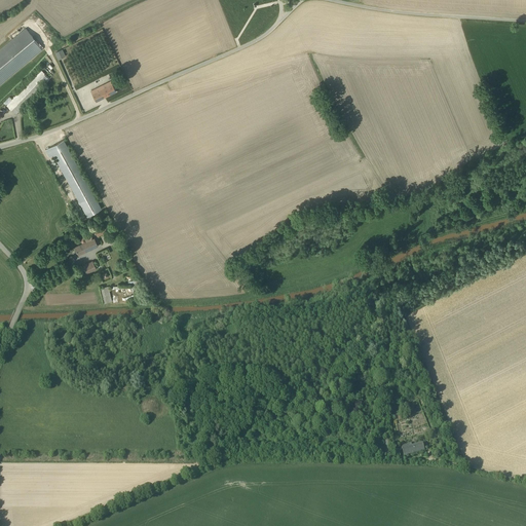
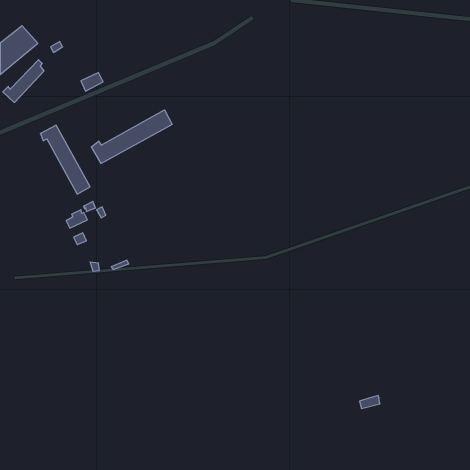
building: none -> [91,110,172,164]

